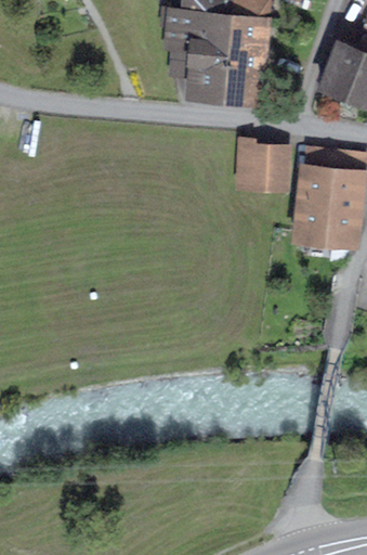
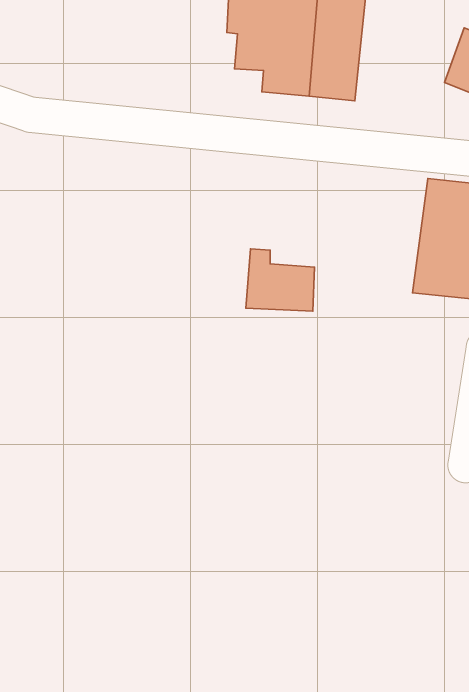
building: [236,143,285,188] -> [246,249,314,311]

